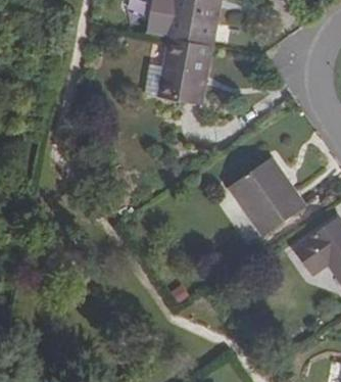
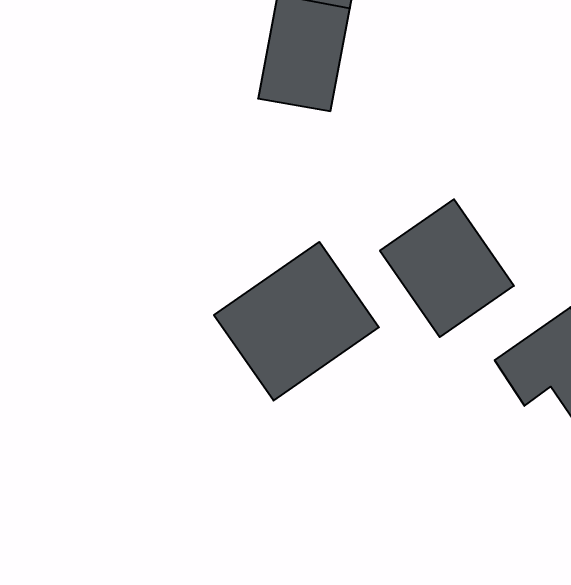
building: none -> [214,242,379,401]

